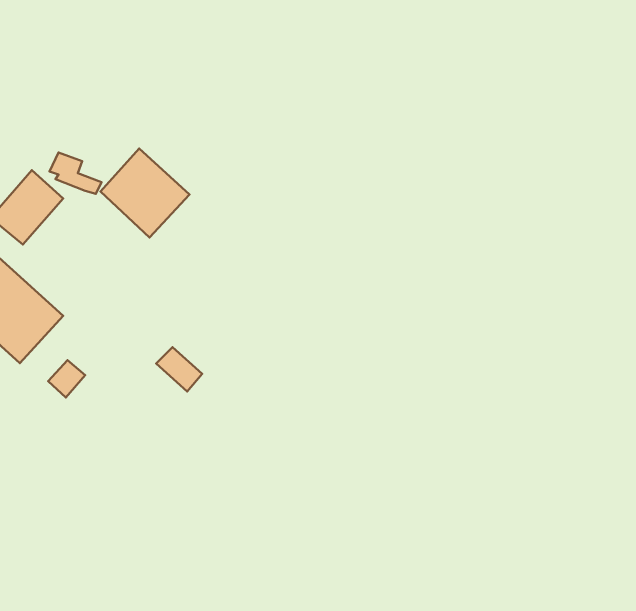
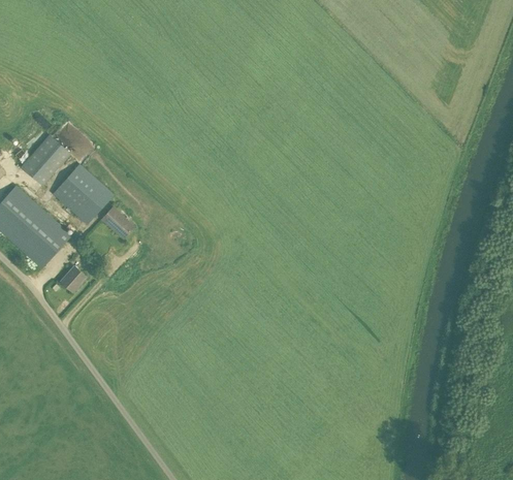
building: [101,148,190,238] -> [53,163,115,225]
building: [156,347,202,392] -> [102,207,134,238]

